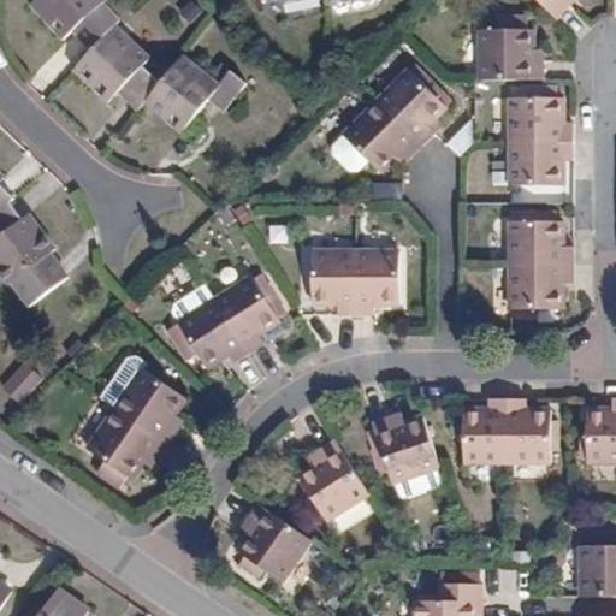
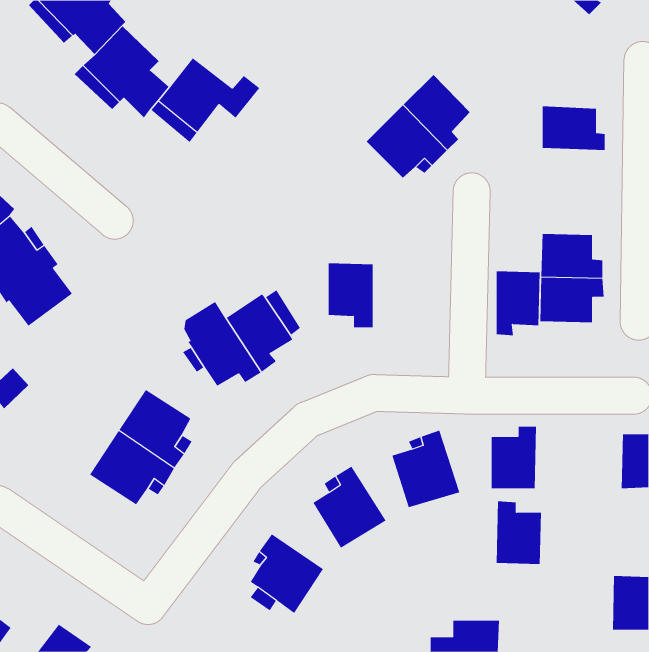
building: [478,25,539,77] -> none
building: [510,140,571,184] -> none
building: [353,249,395,310] -> [496,271,541,336]
building: [505,402,549,462] -> [496,501,542,565]

